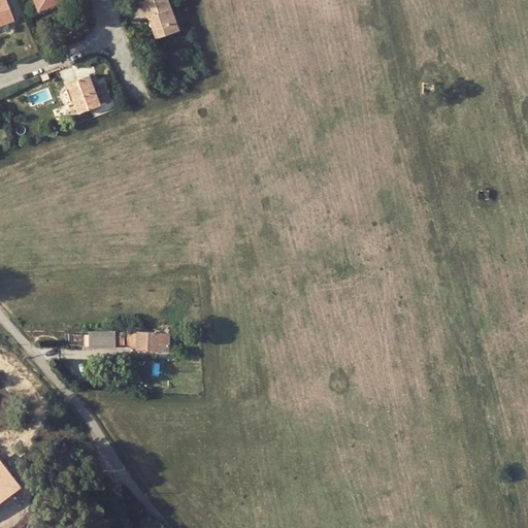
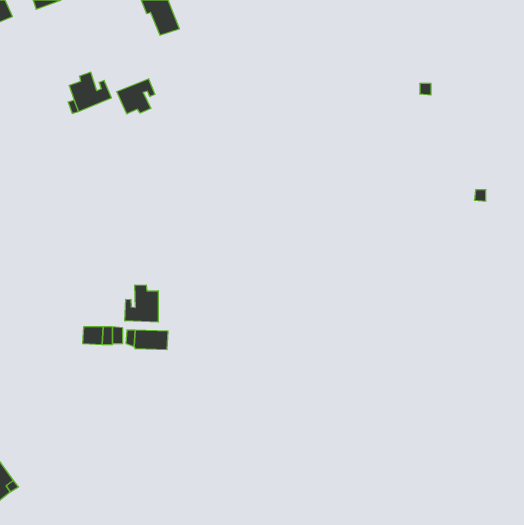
building: none -> [117,79,155,114]
building: none -> [125,285,158,322]

